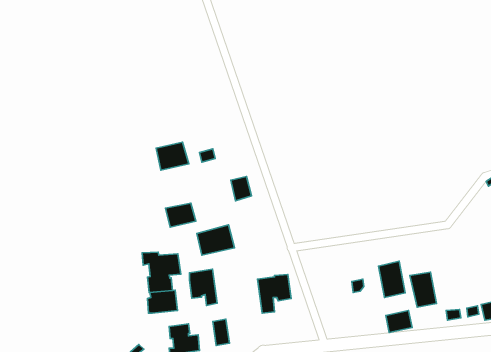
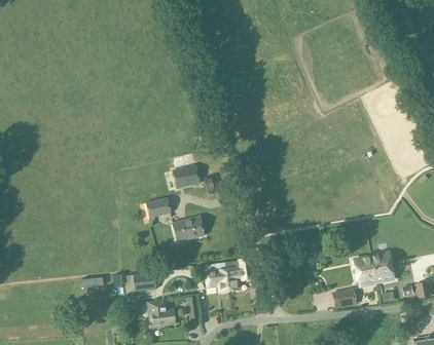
building: [156,142,189,170] -> [171,164,198,188]
building: [142,252,181,293] -> none
building: [379,261,405,298] -> [372,251,395,281]
building: [189,269,217,306] -> [206,261,229,292]

